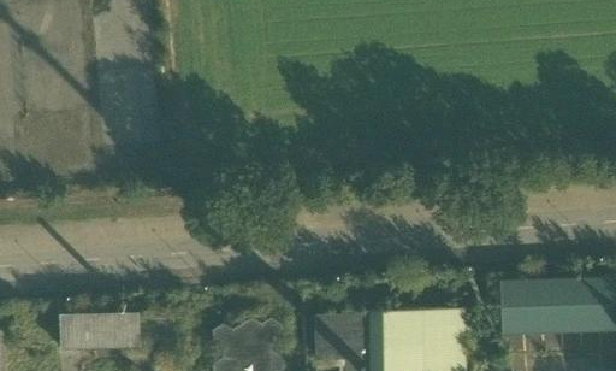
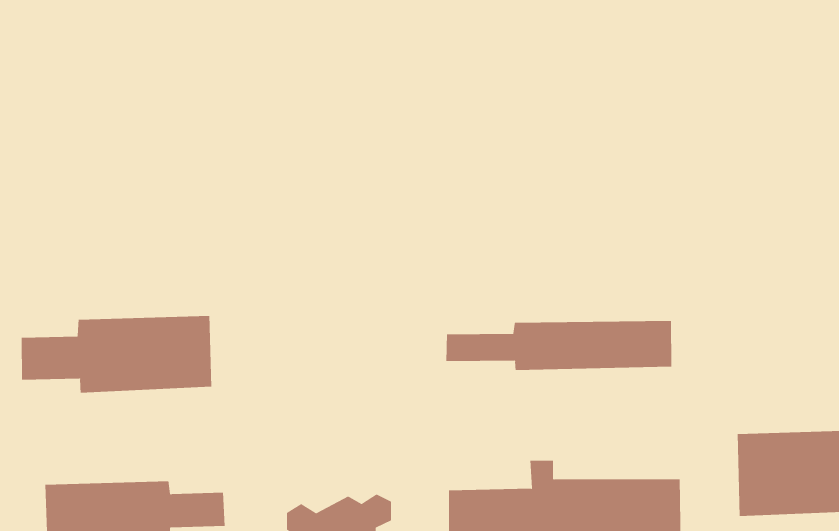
building: none -> [21,315,212,393]
building: none -> [446,320,672,371]

